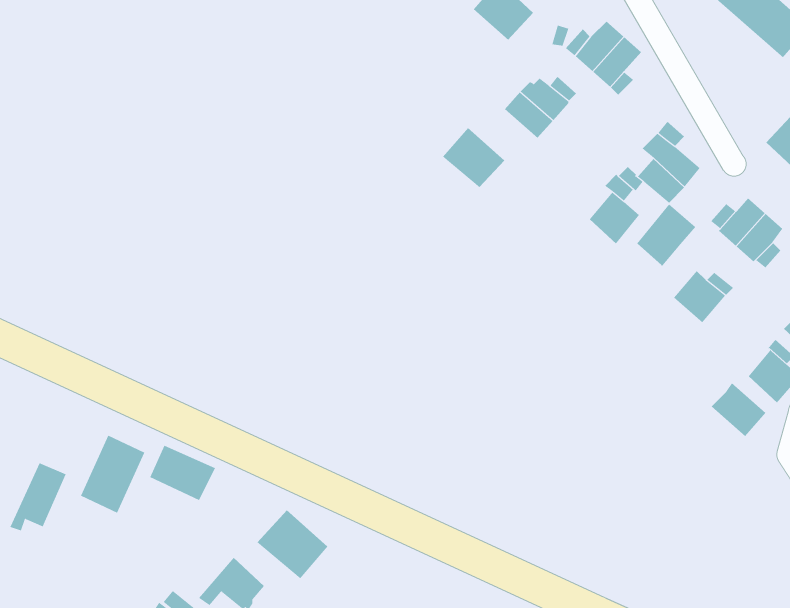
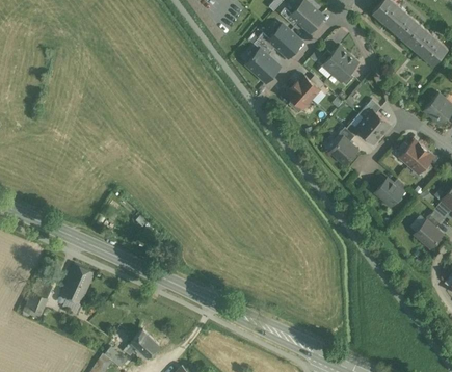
building: [442,127,505,188] -> [246,50,280,82]
building: [636,203,696,268] -> none
building: [711,383,766,437] -> none
building: [149,445,216,501] -> none
building: [257,509,328,579] -> none

